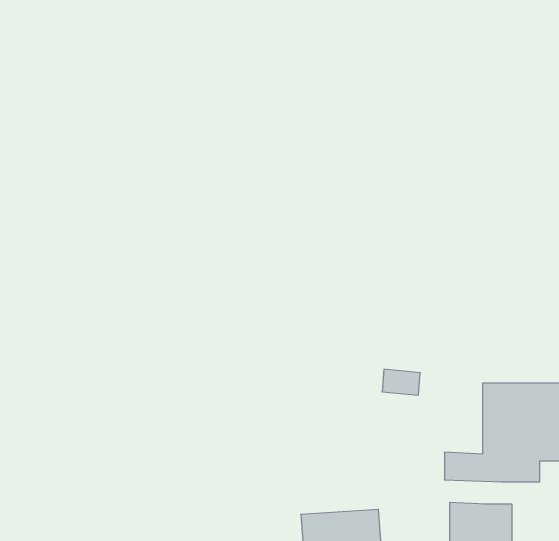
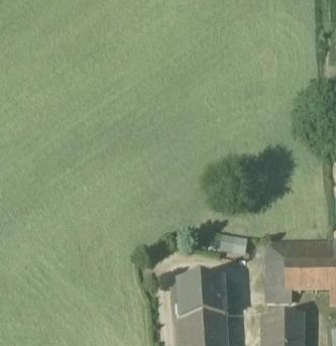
building: none -> [263,239,286,281]
building: none -> [178,275,230,317]

